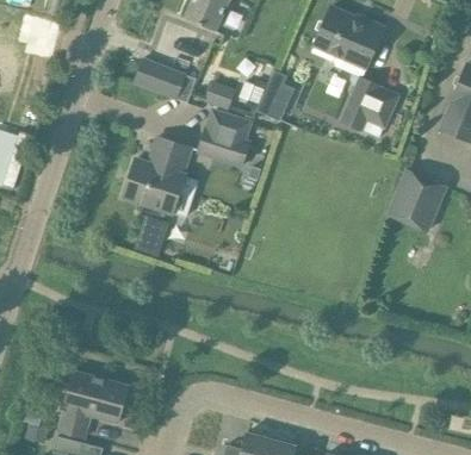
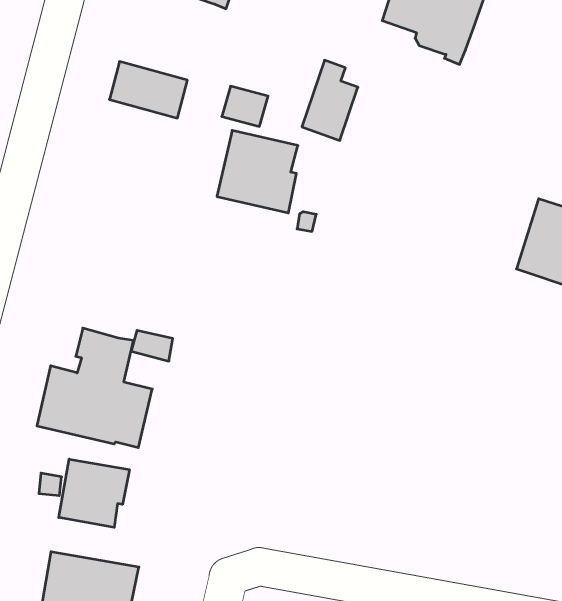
building: [342,74,399,131] -> none
building: [123,137,199,217] -> [37,328,152,448]
building: none -> [59,459,129,527]

